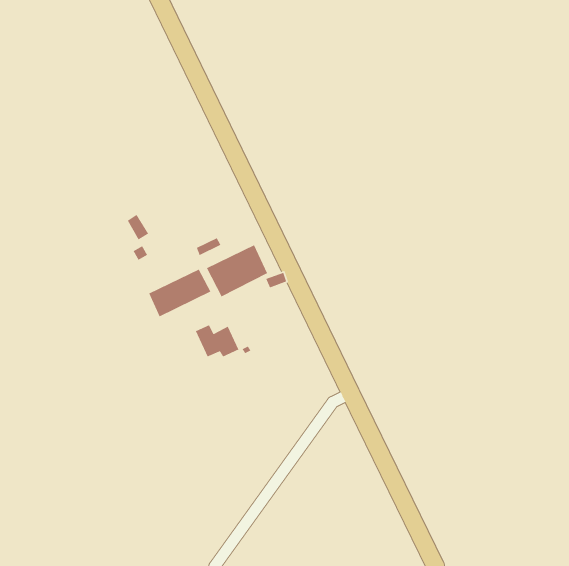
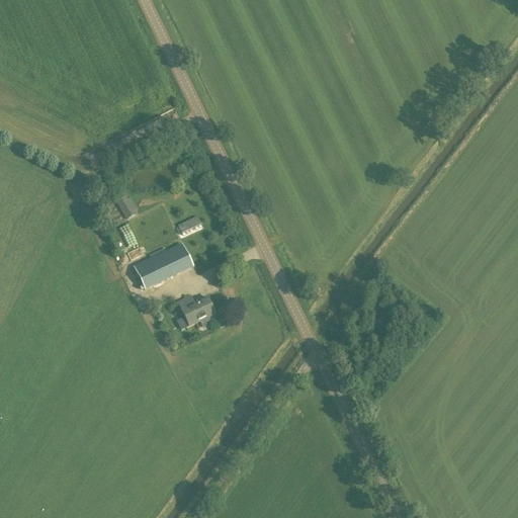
building: [206,244,268,297] -> none

